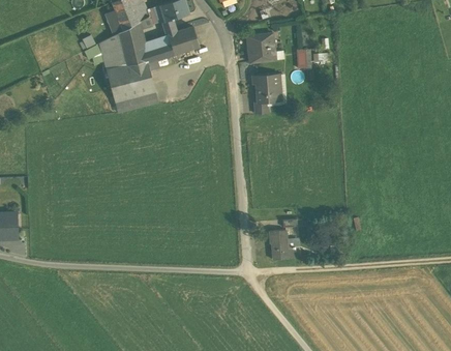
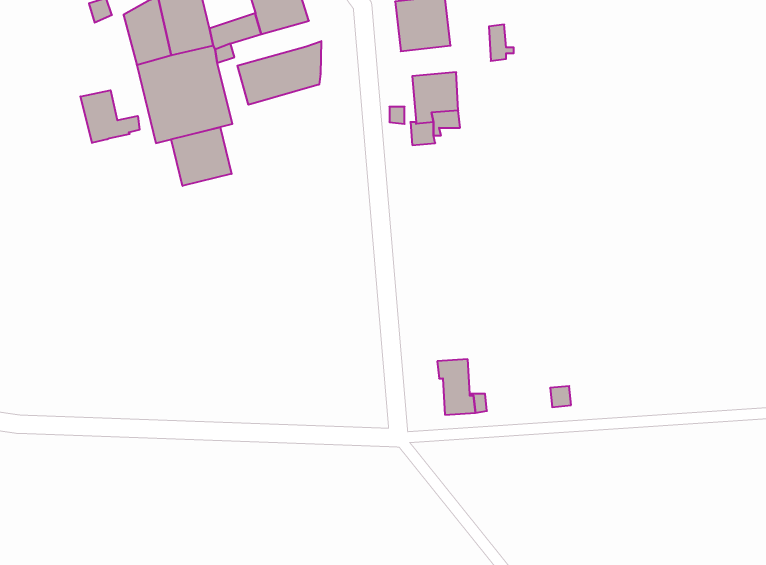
building: none -> [237,41,321,105]
building: none -> [80,90,140,143]
building: none -> [171,127,232,186]

